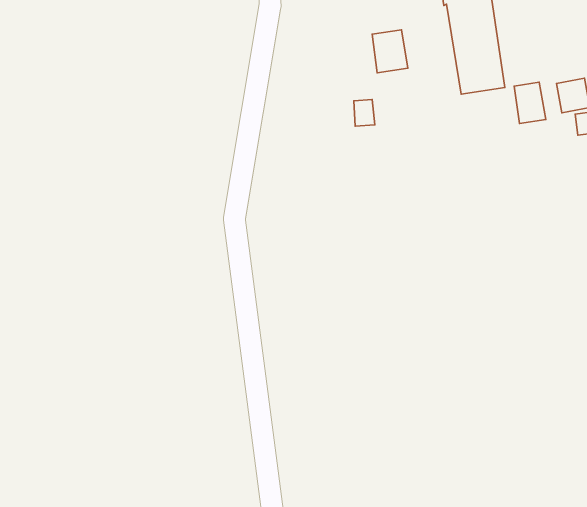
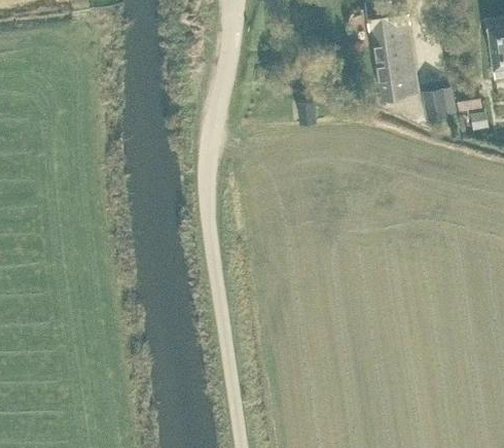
building: [372,30,408,73] -> none

